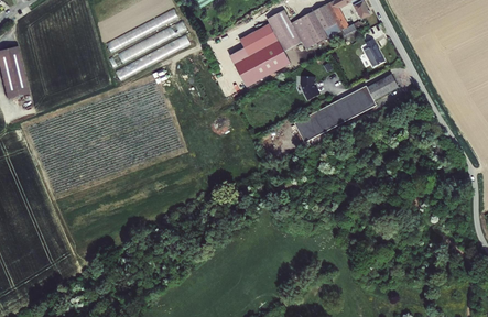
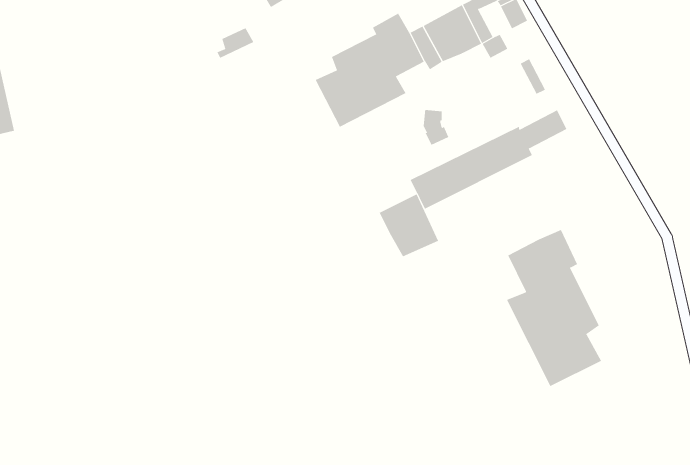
building: none -> [379,194,439,257]
building: none -> [506,229,602,387]

